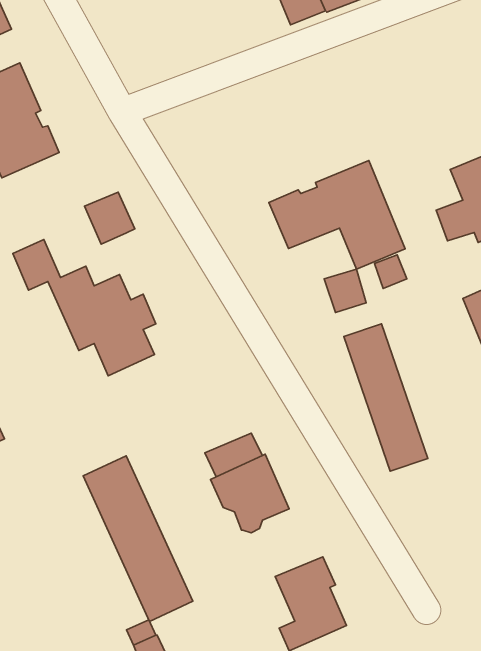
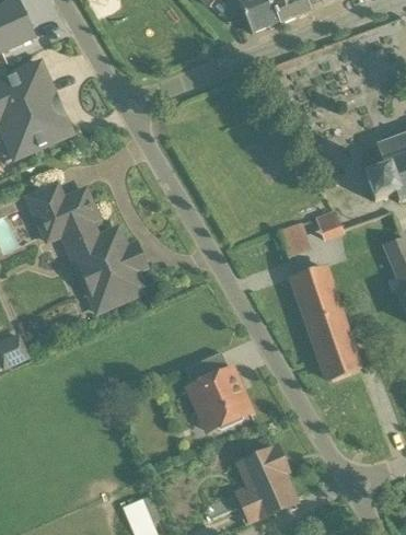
building: [269,160,405,269] -> none
building: [85,192,135,244] -> [58,188,97,229]
building: [83,456,193,621] -> none

